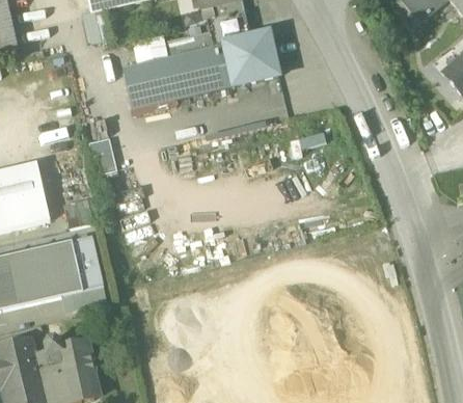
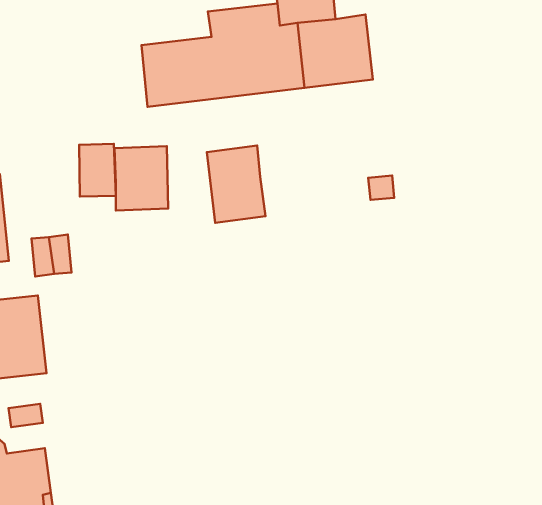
building: none -> [207,145,266,223]
building: none -> [115,146,168,210]
building: [72,235,104,290] -> none

